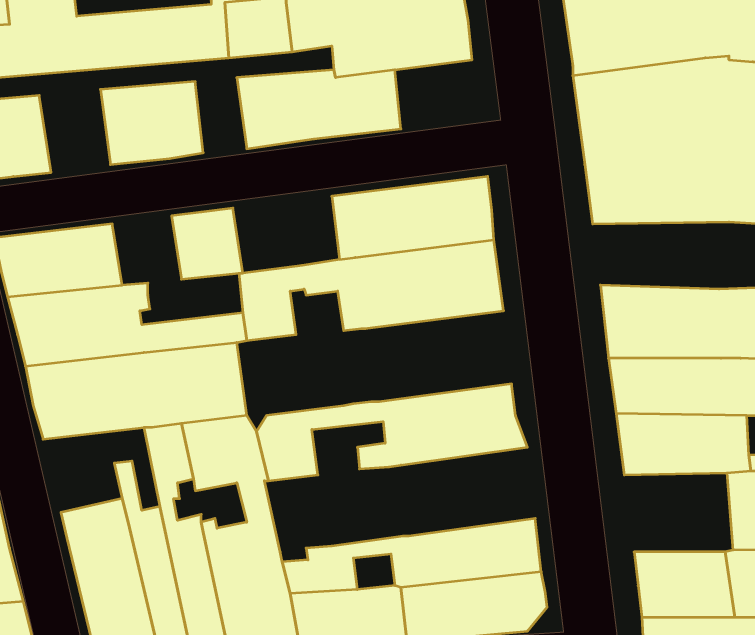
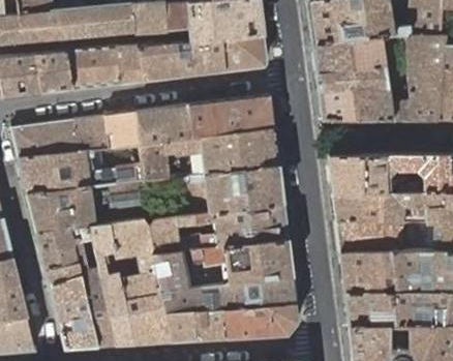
building: none -> [220,34,265,70]
building: none -> [116,43,143,83]
building: none -> [34,50,71,93]
building: none -> [135,106,191,146]
building: none -> [72,116,109,152]
building: none -> [189,166,281,215]
building: none -> [36,227,92,271]
building: none -> [152,237,294,292]
building: none -> [340,250,397,292]

